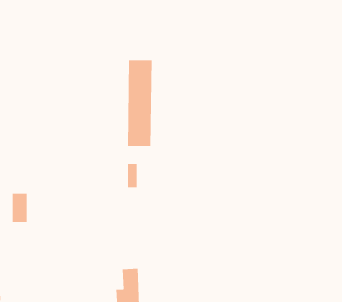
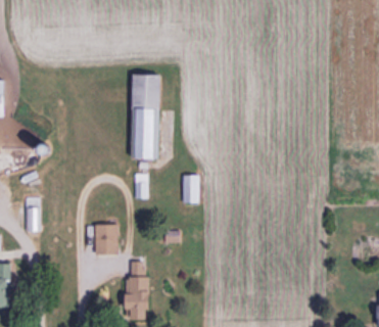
building: none -> [182,174,197,202]
building: none -> [95,223,117,253]

